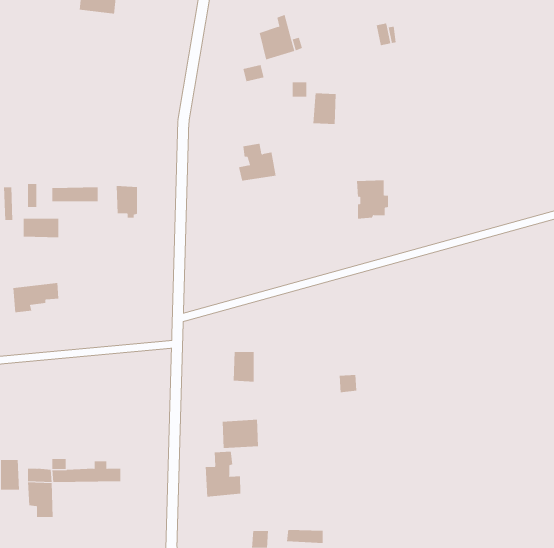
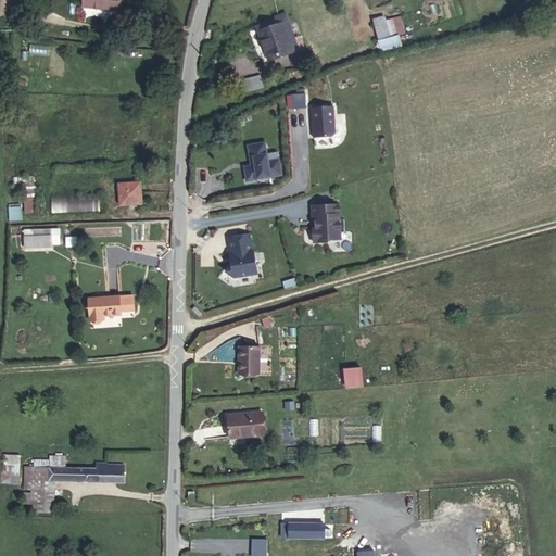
building: [356,180,389,219] -> [309,204,342,243]
building: none -> [223,233,254,277]
building: [12,282,59,313] -> [86,291,132,321]
building: [205,451,241,498] -> none

